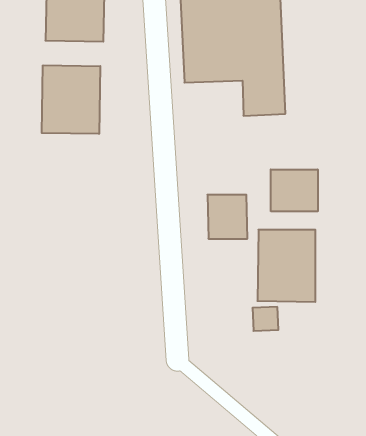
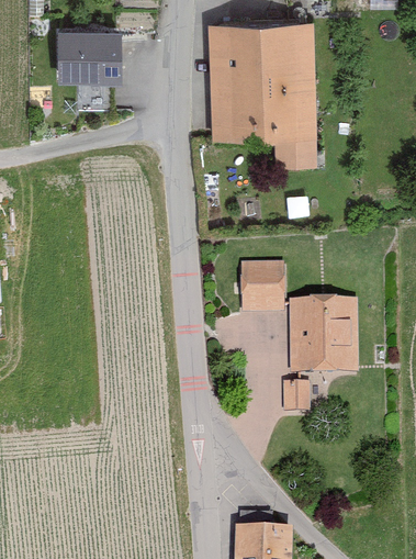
building: [42,65,100,134] -> none
building: [271,169,318,211] -> none

